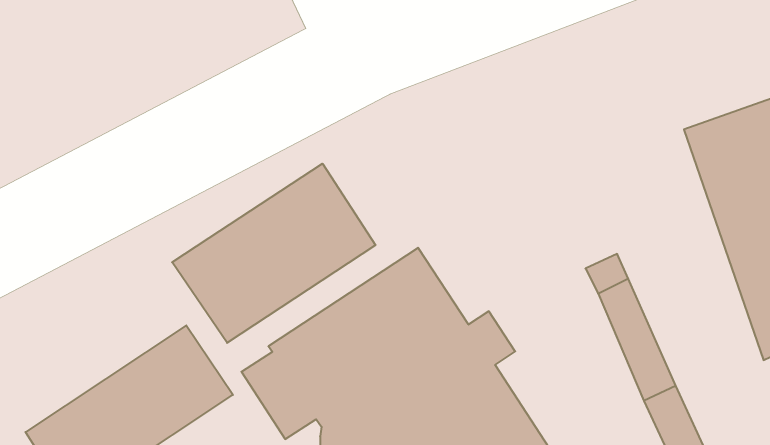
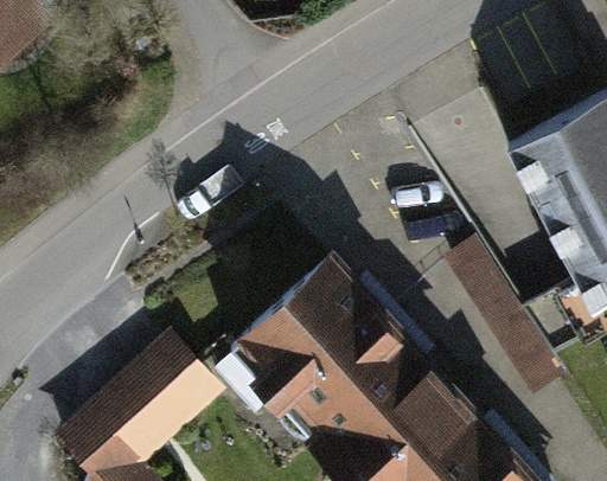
building: [172,164,375,343] -> none

